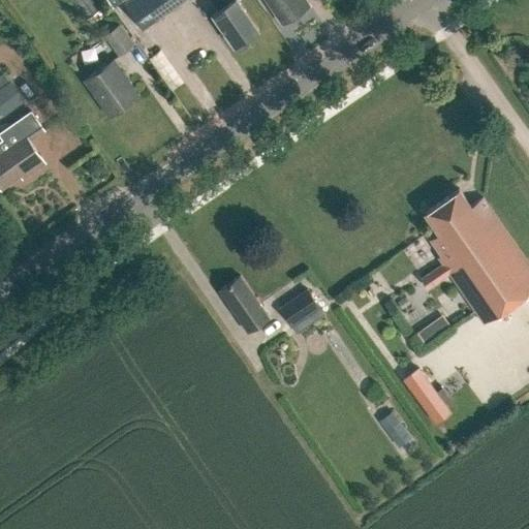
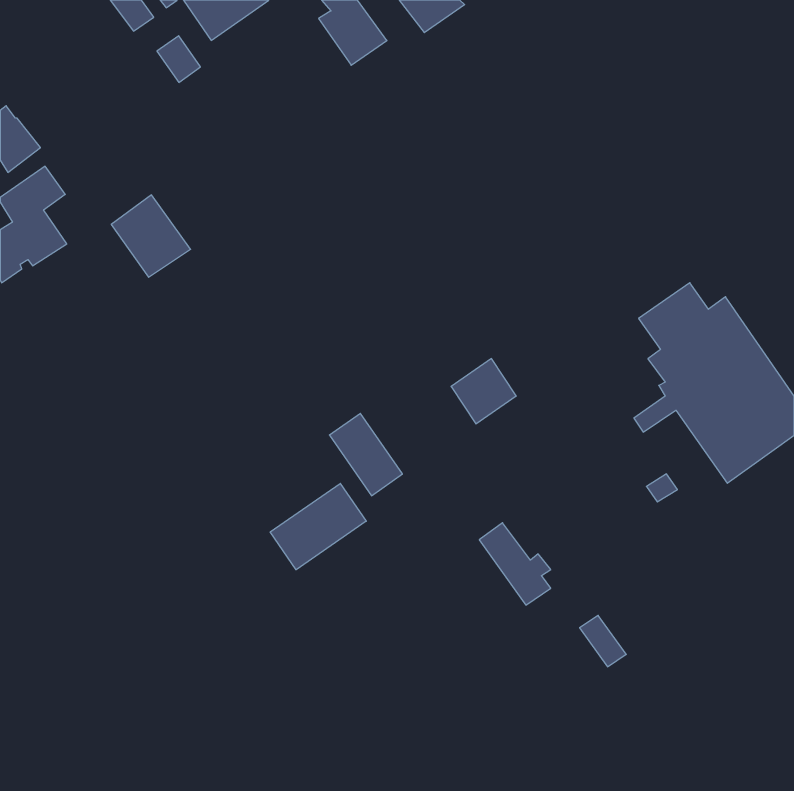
building: [85,61,137,116] -> [111,195,191,277]
building: [280,290,323,334] -> [451,359,516,424]
building: none -> [270,483,366,570]
building: [404,370,452,425] -> [479,523,551,605]

